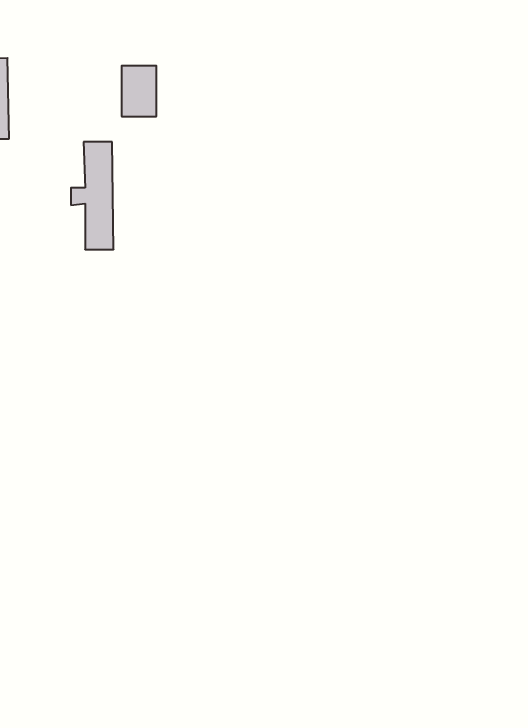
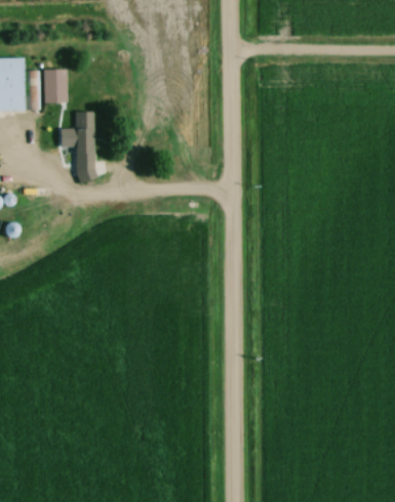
building: [122,66,156,116] -> [45,70,68,102]

